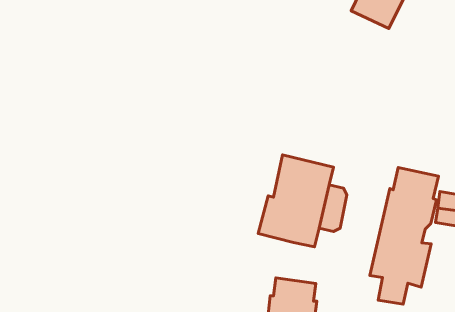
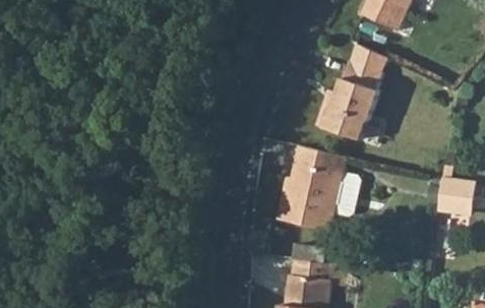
building: none -> [316,41,386,138]
building: [370,168,439,304] -> none

